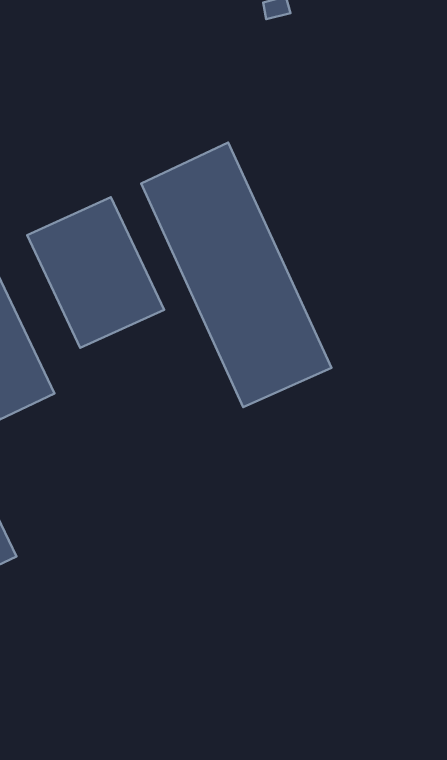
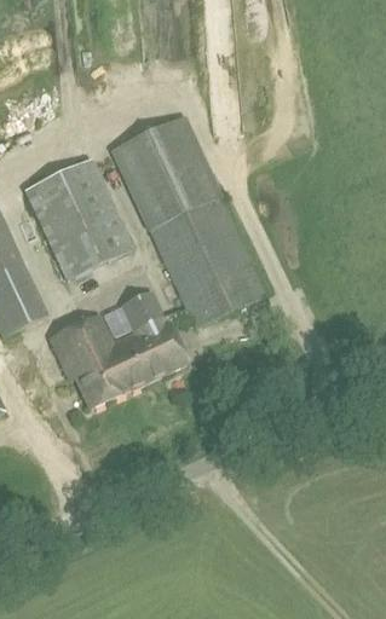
building: none -> [51,291,188,406]

